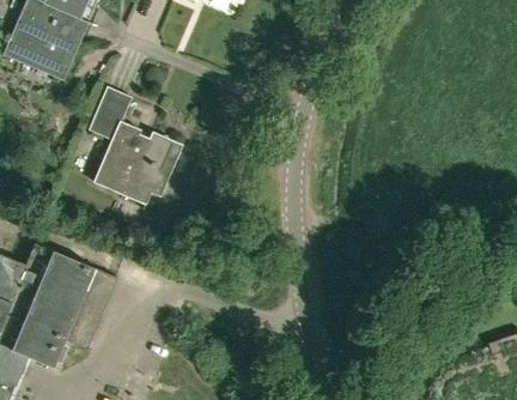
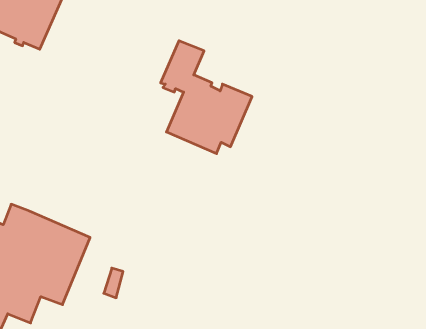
building: [87,86,183,205] -> [161,41,252,154]

